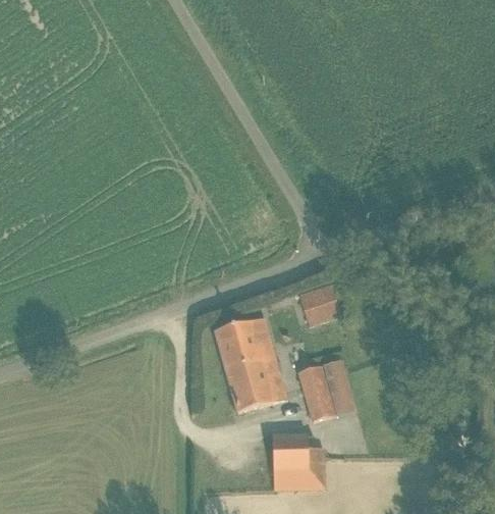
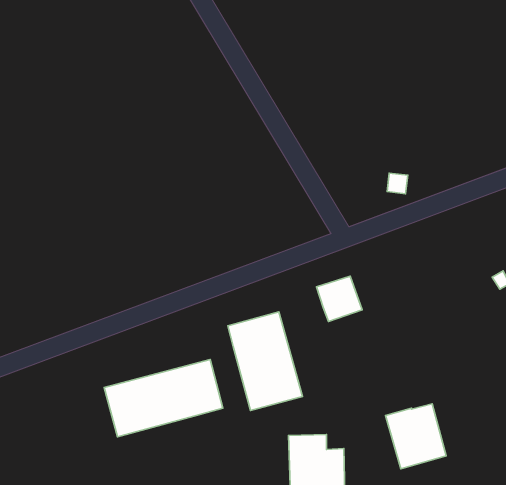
building: [297,360,354,421] -> [386,404,446,469]
building: none -> [104,360,223,437]

